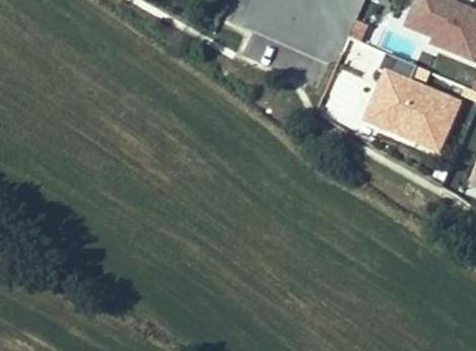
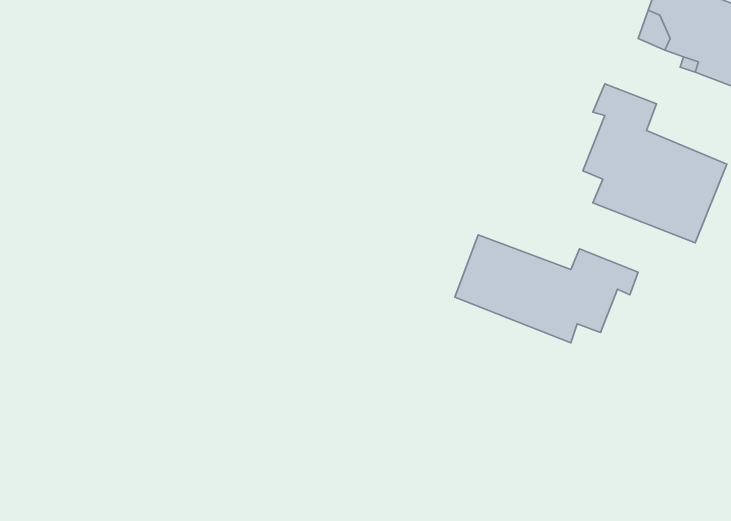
building: none -> [455,235,638,343]

